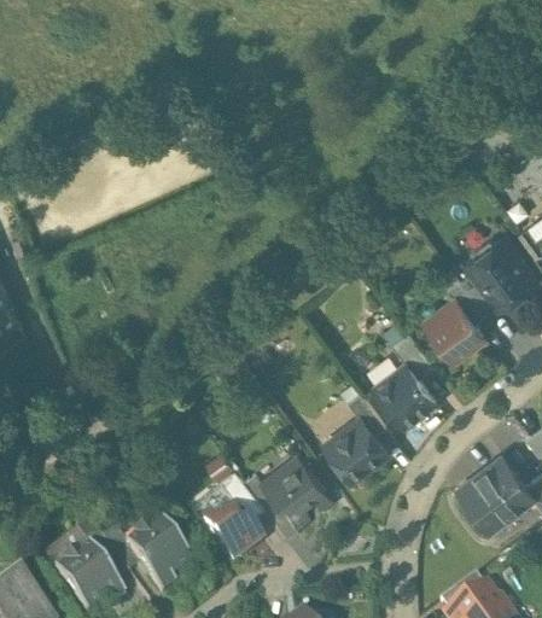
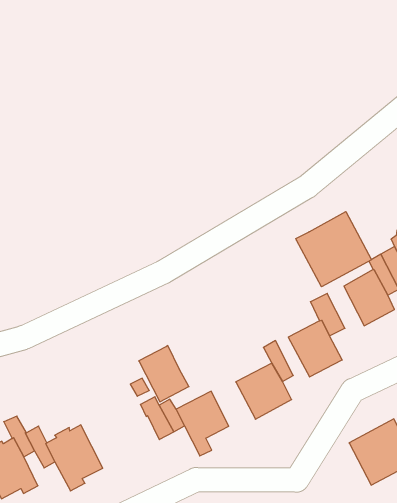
building: none -> [296,212,371,287]
building: [205,496,264,559] -> [139,346,189,402]

